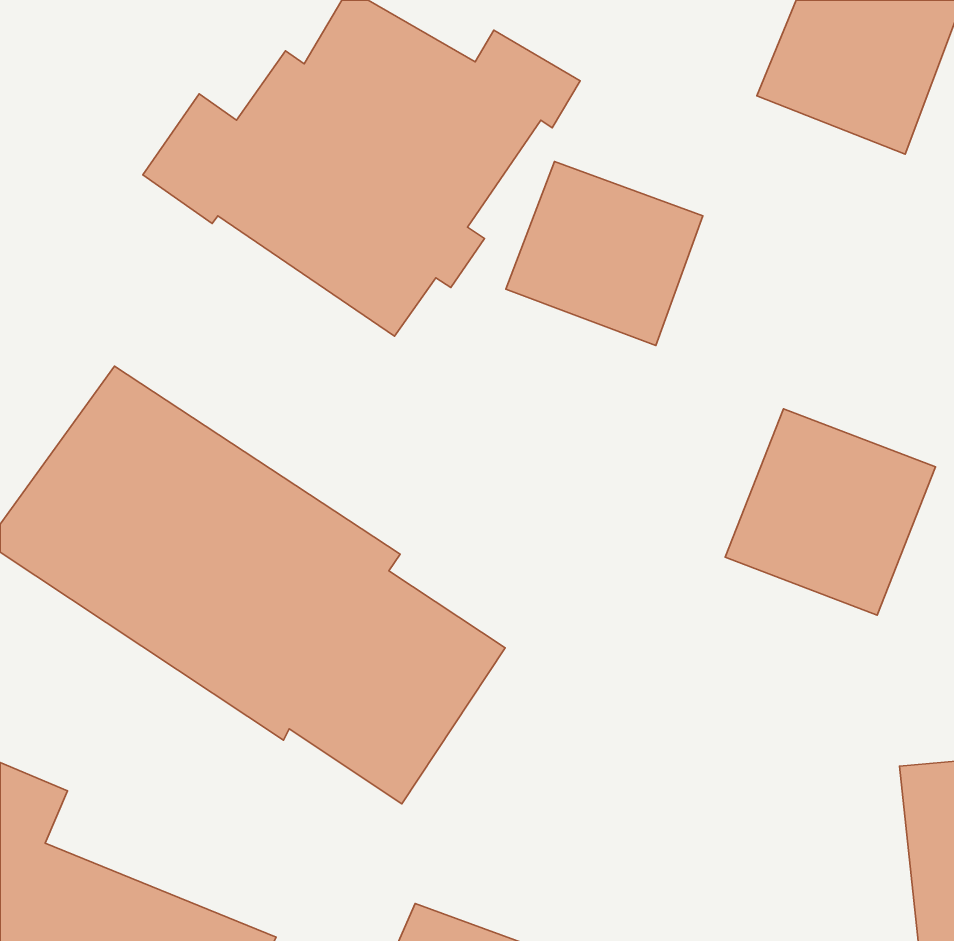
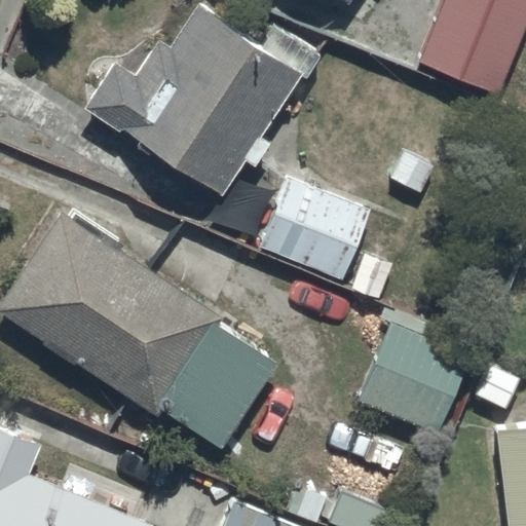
building: [506,162,703,346] -> [258,180,366,280]
building: [725,409,936,615] -> [356,323,472,436]

